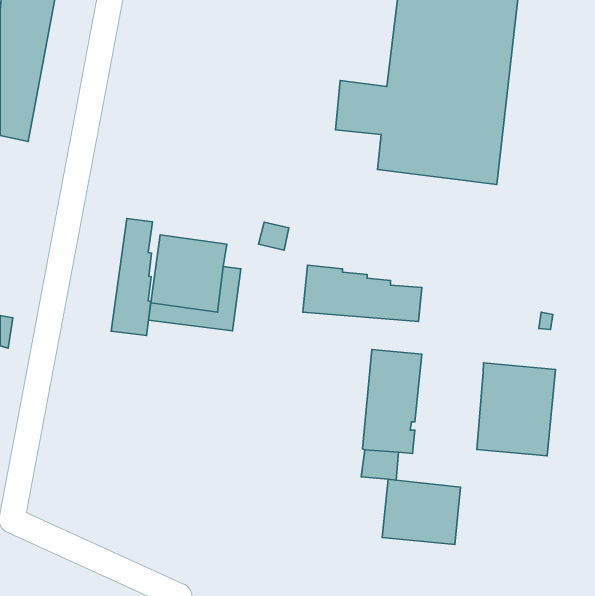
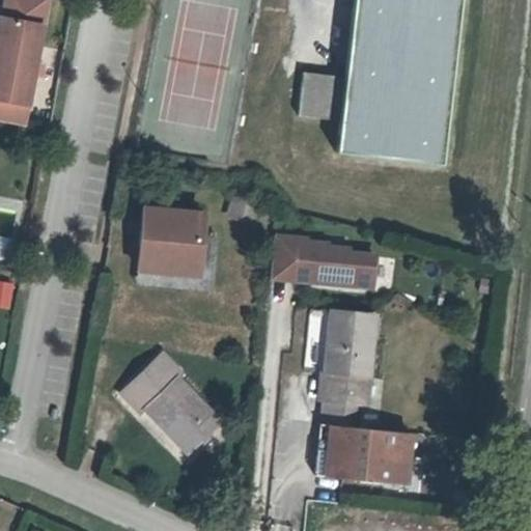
building: [111,219,153,336] -> none
building: [477,363,555,456] -> none
building: none -> [123,353,221,451]
building: none -> [315,423,346,477]

